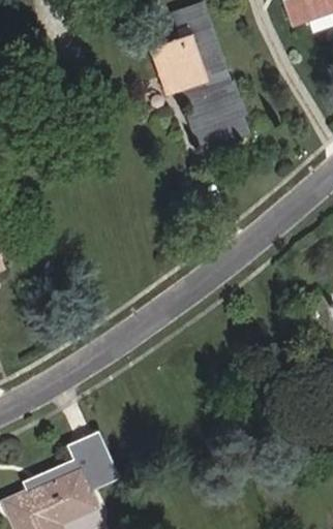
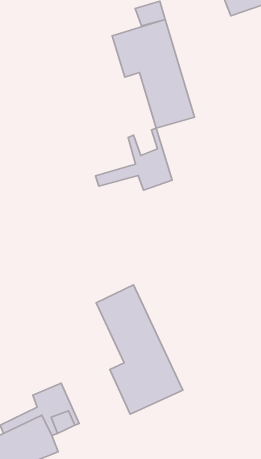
building: none -> [95,128,172,190]
building: none -> [96,285,183,414]

